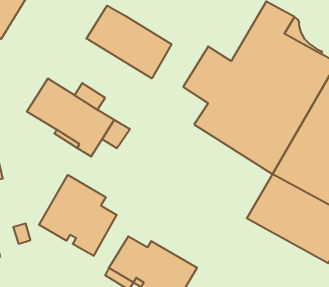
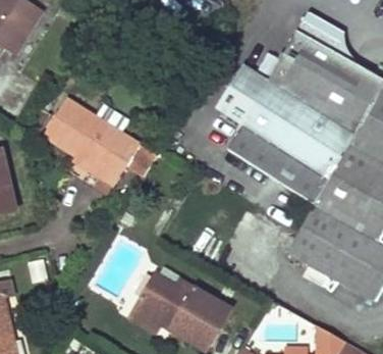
building: [86,6,171,78] -> none
building: [39,175,117,256] -> none

